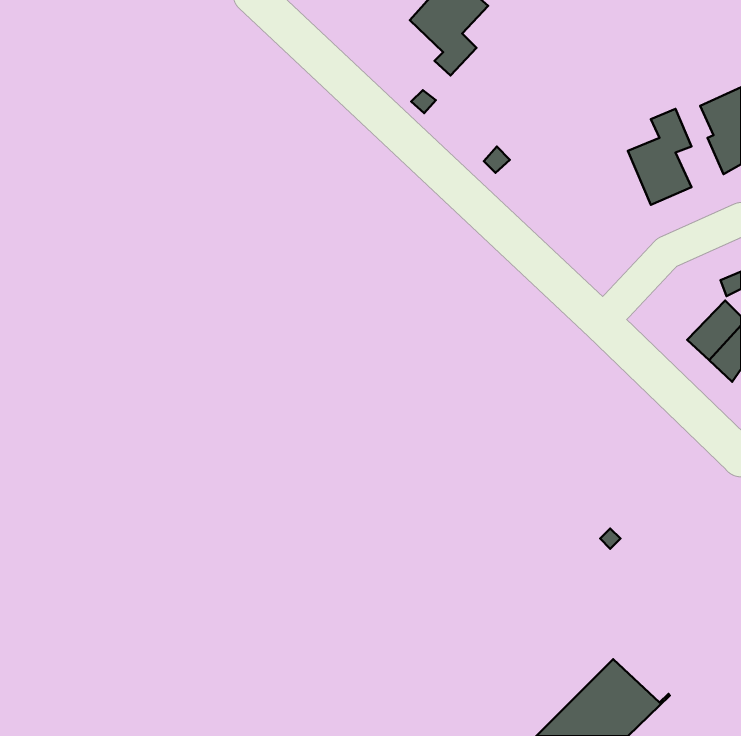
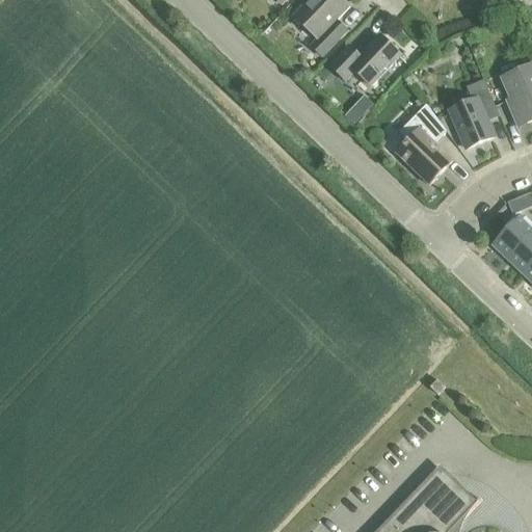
building: none -> [329,32,399,84]
building: none -> [396,103,452,183]

